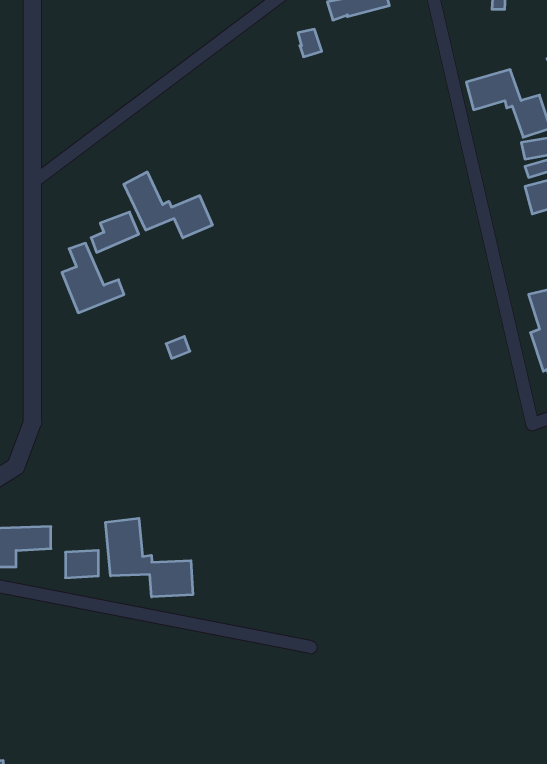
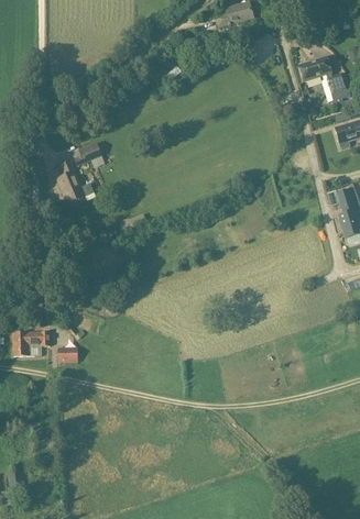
building: [124,172,212,238] -> none
building: [106,518,193,597] -> none

